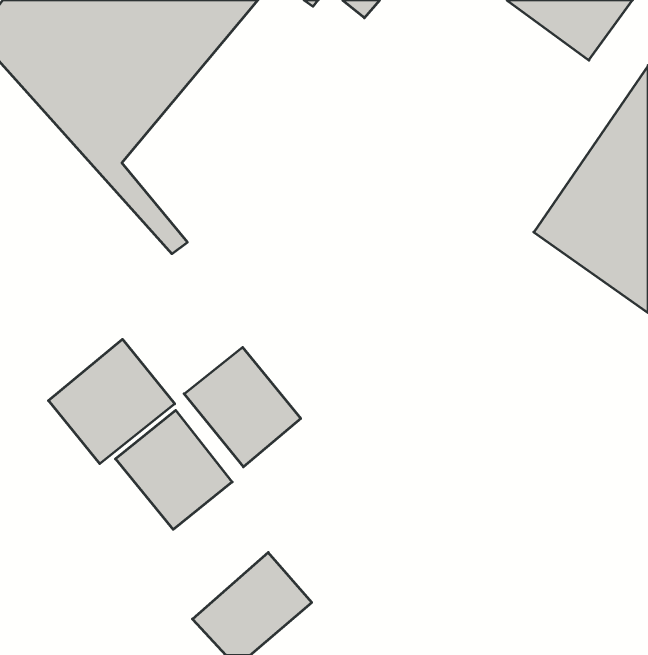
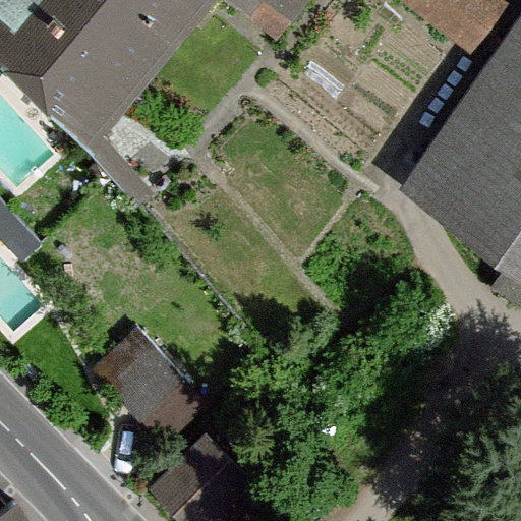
building: [48,339,175,464] -> none
building: [184,347,301,467] -> none

